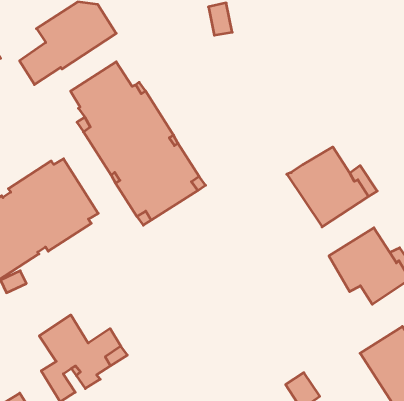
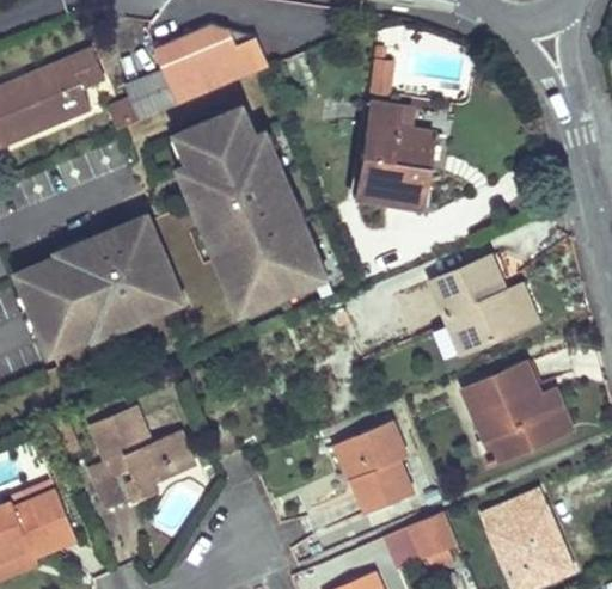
building: none -> [351,104,428,208]
building: none -> [344,421,412,515]
building: none -> [409,513,458,559]

